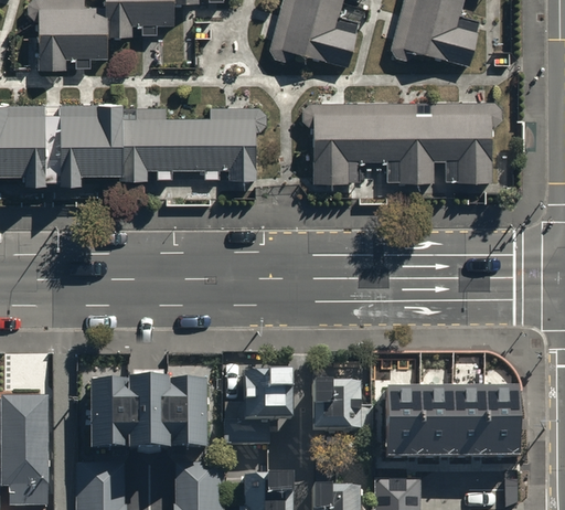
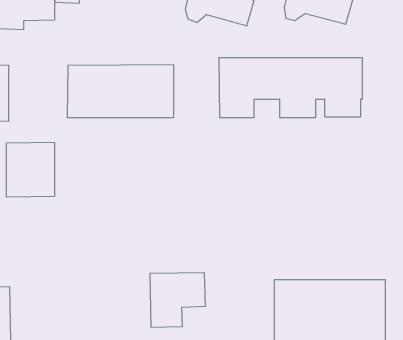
building: [57,117,118,185] -> [6,142,55,197]
building: [96,379,204,449] -> none
building: [315,384,362,431] -> none

